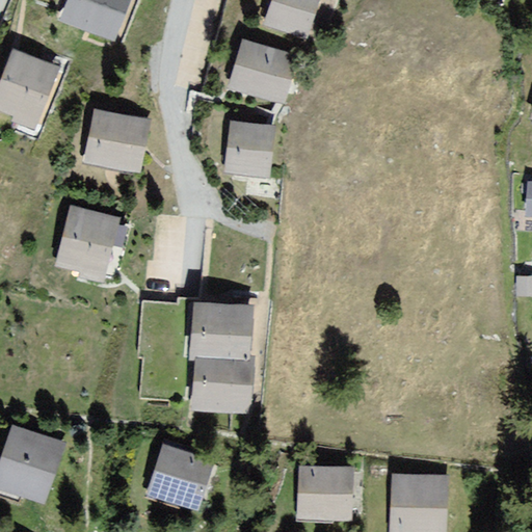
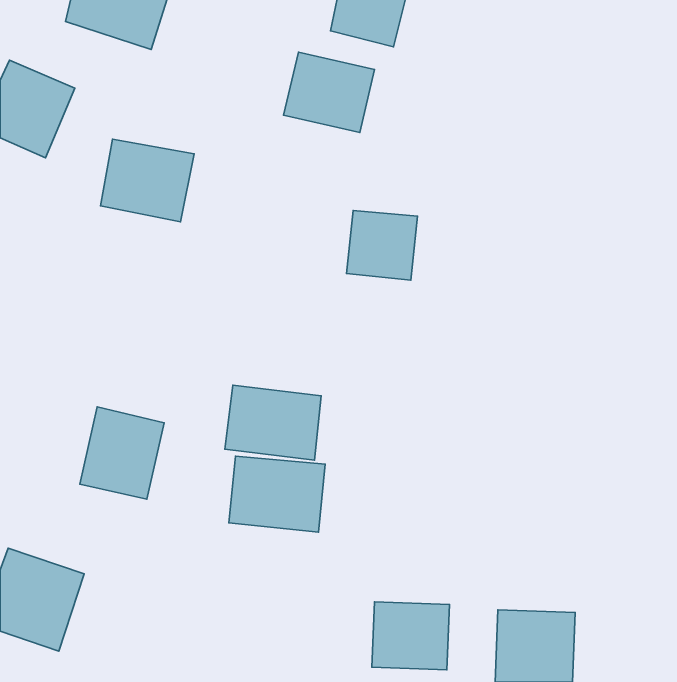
building: [218,122,273,176] -> [346,211,417,280]
building: [55,206,121,277] -> [80,407,164,499]
building: [148,446,215,509] -> none

